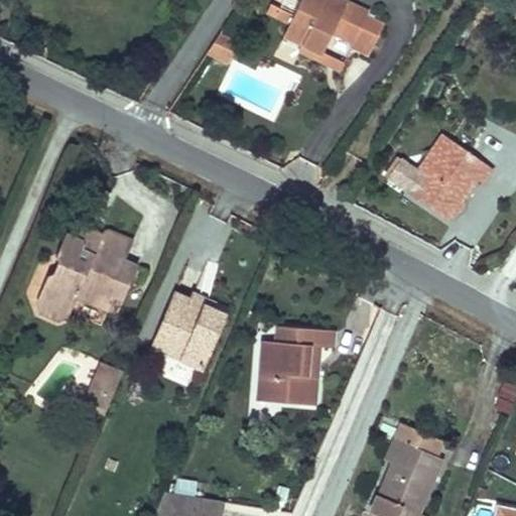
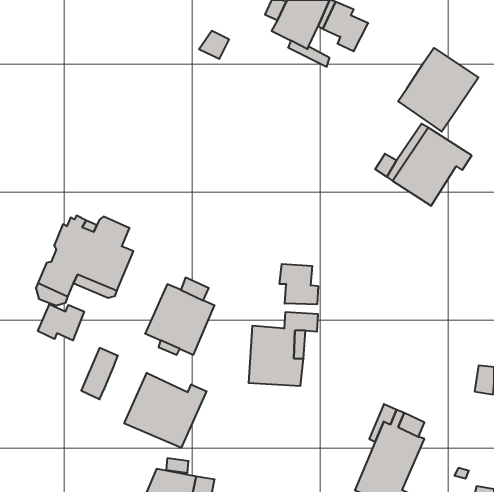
building: none -> [398,48,478,132]
building: none -> [280,264,318,304]
building: none -> [38,304,84,340]
building: none -> [124,373,207,448]

